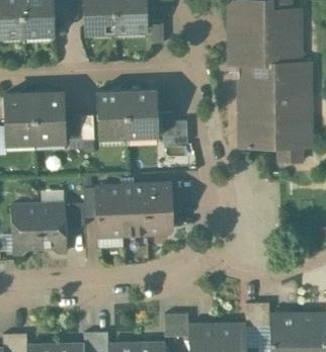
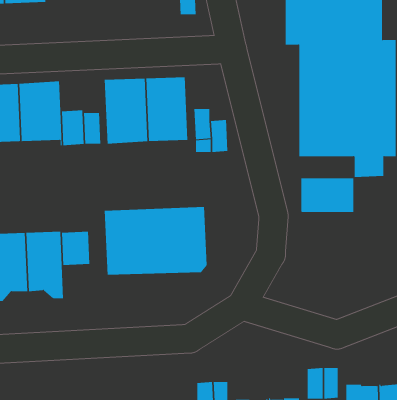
building: none -> [295,177,354,213]

